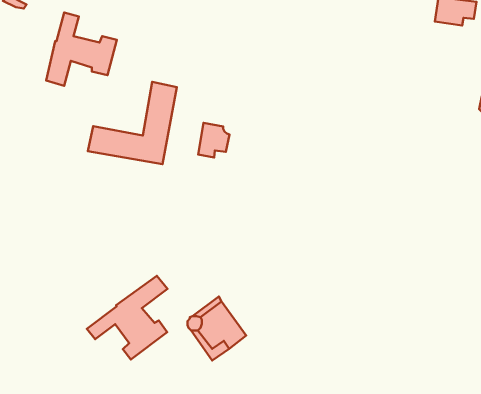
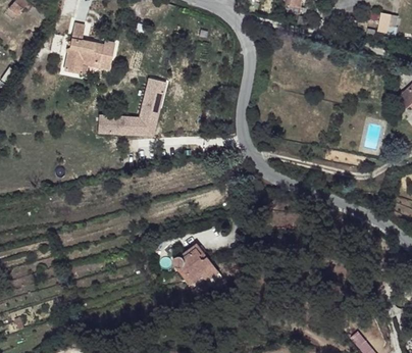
building: [198,123,229,158] -> none
building: [87,276,167,359] -> none

